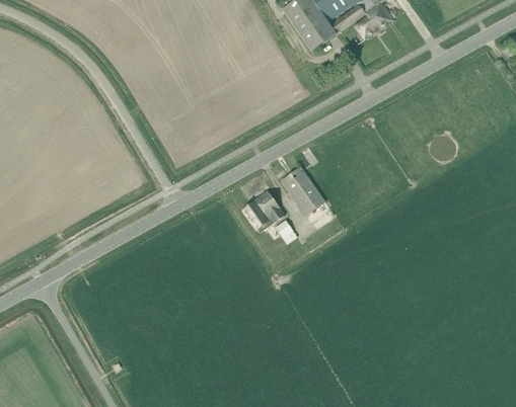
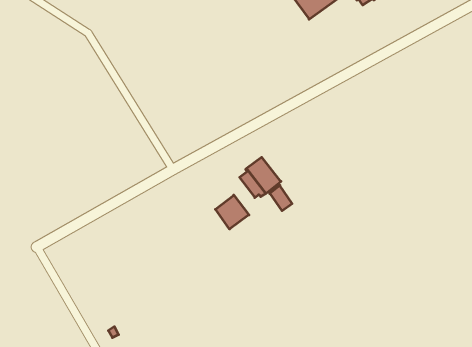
building: [281,166,324,215] -> none
building: none -> [215,195,249,229]

